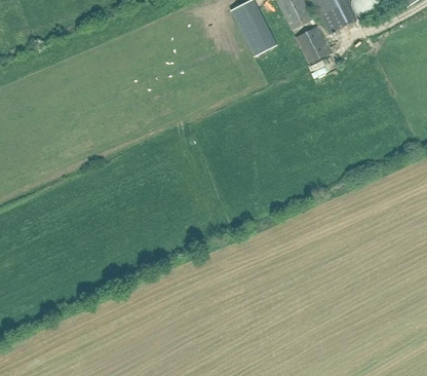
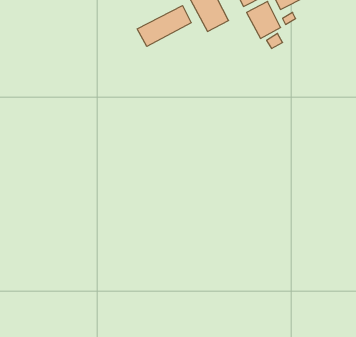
building: none -> [137,6,191,46]

